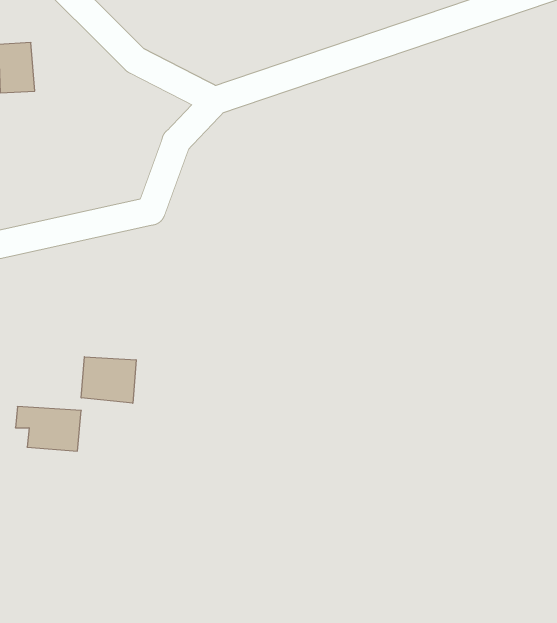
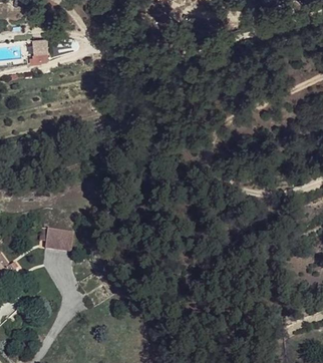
building: [81,357,136,403] -> none

